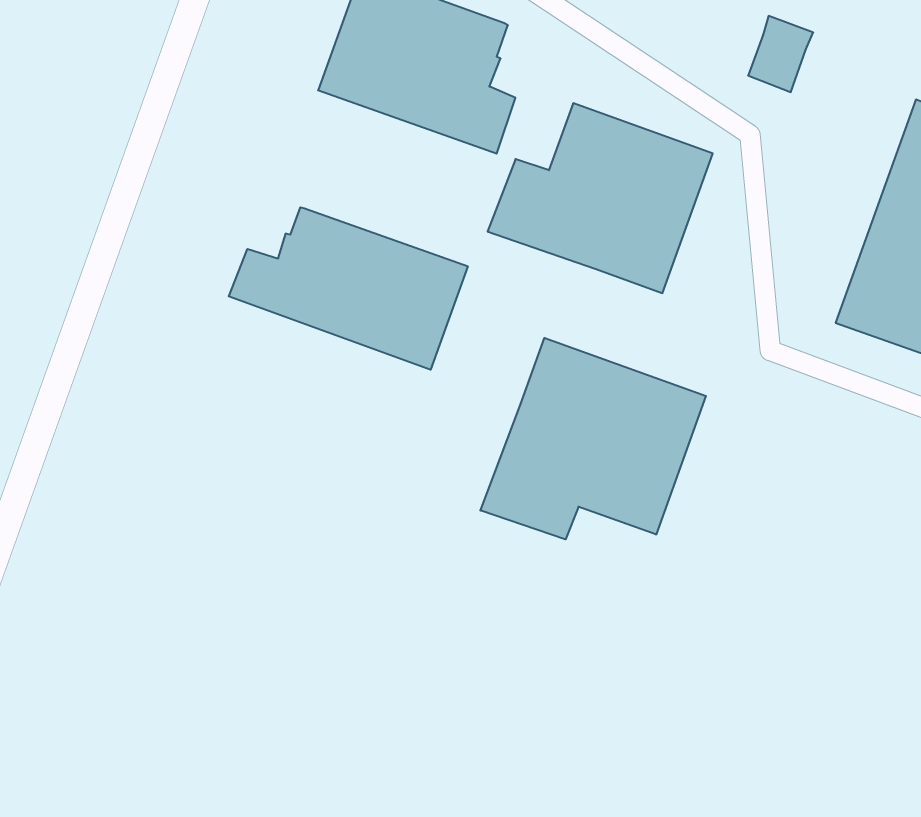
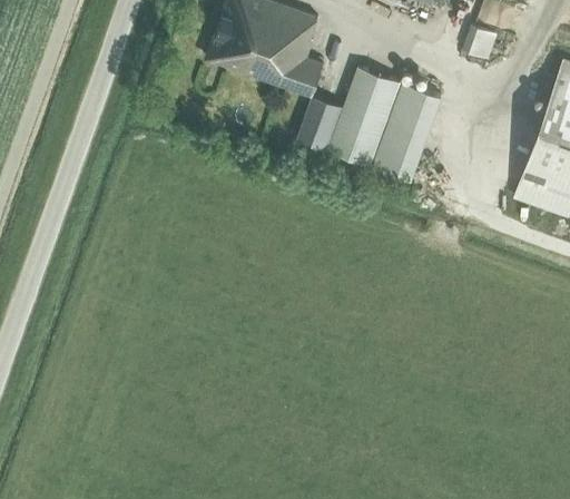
building: [229,207,468,370] -> none
building: [480,338,706,539] -> none

